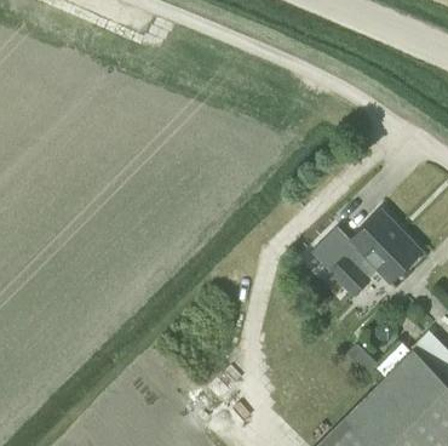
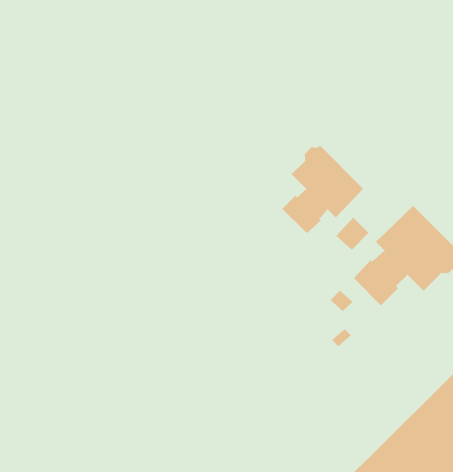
building: none -> [282,145,364,234]

